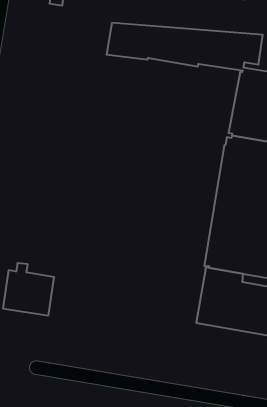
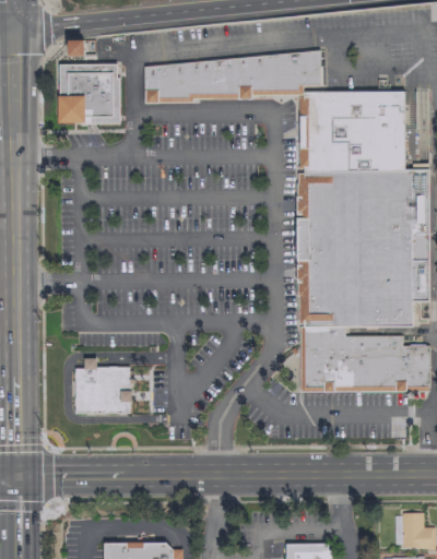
building: none -> [59,63,120,123]

